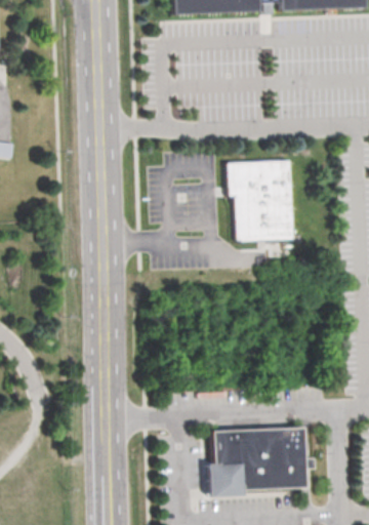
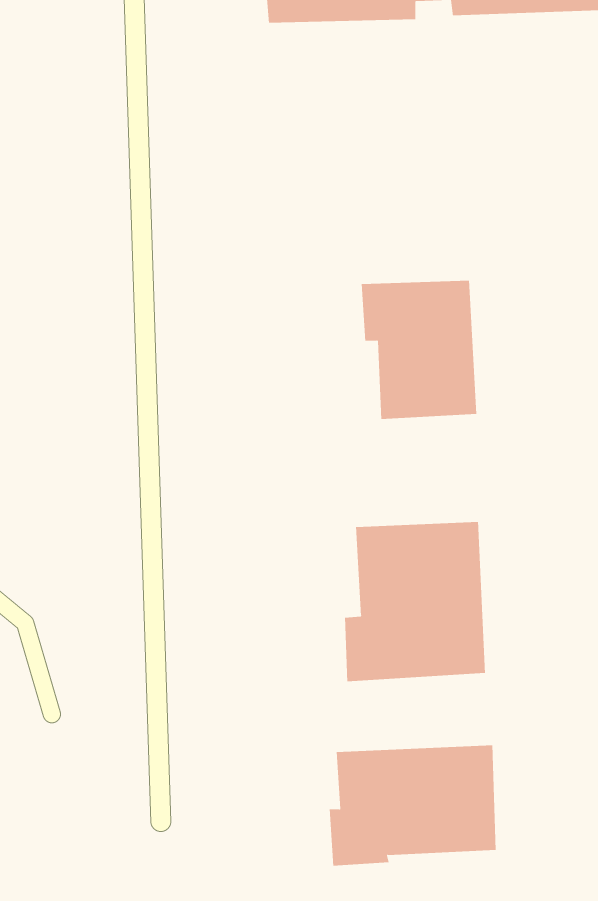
building: none -> [345,521,486,682]

